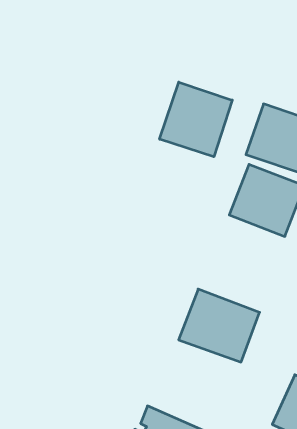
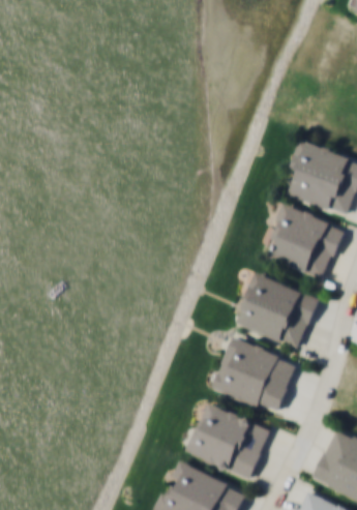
building: [160,82,232,157] -> none
building: none -> [235,272,320,348]
building: none -> [185,401,272,479]

